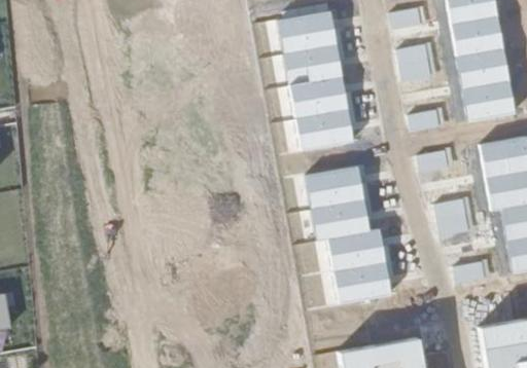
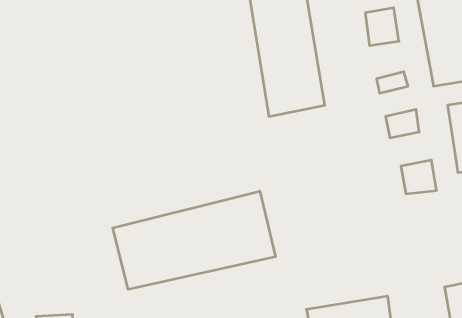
building: [304,162,398,299] -> none
building: none -> [113,191,276,289]

